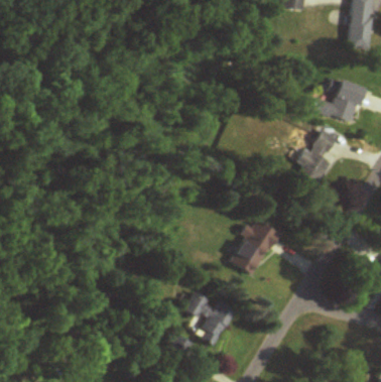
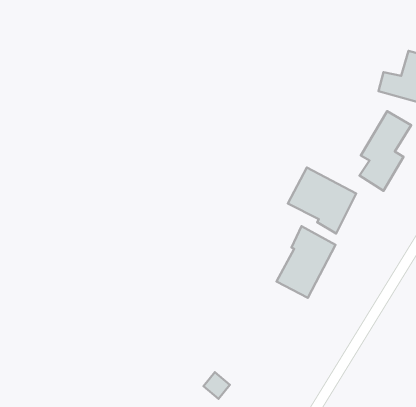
building: none -> [288,168,356,233]
building: [184,291,234,346] -> none

